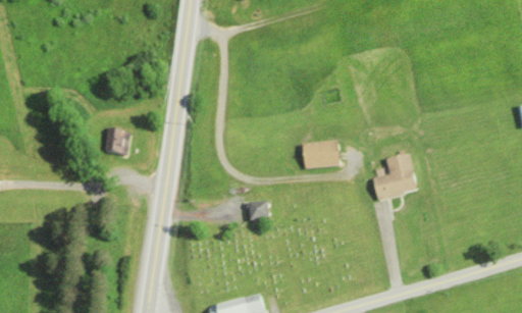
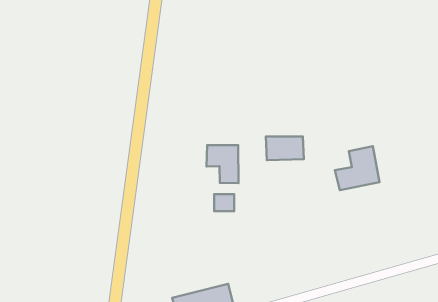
building: [106,129,130,154] -> none
building: none -> [206,145,238,183]

